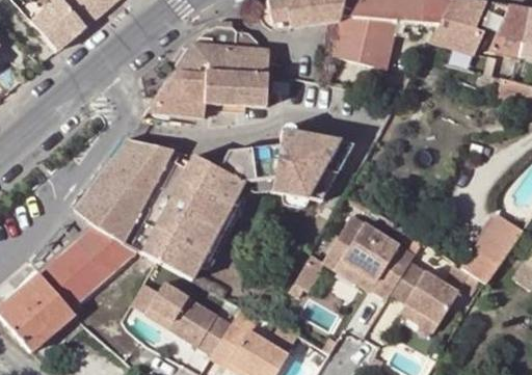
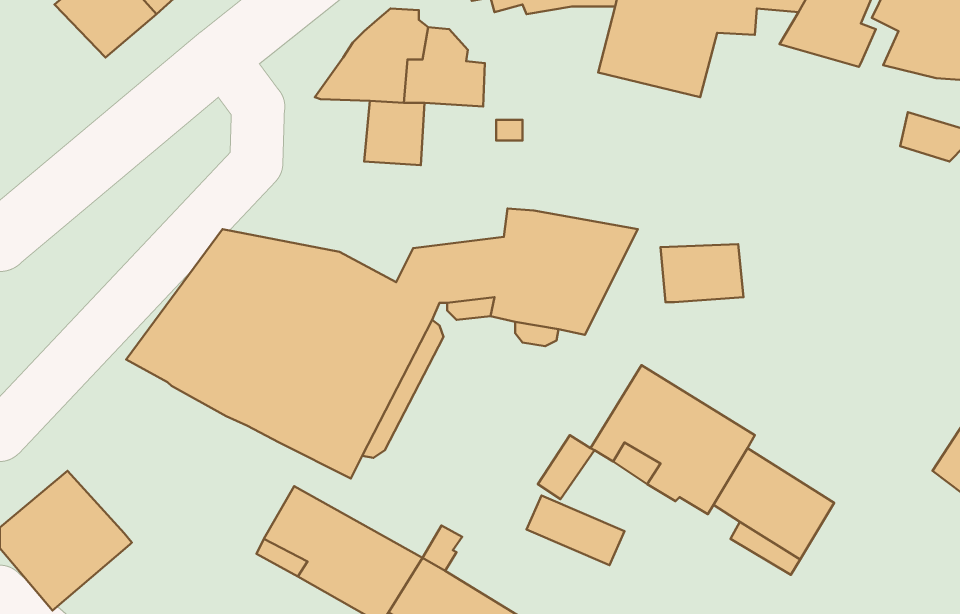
building: [145,70,206,120] -> none
building: [234,72,268,106] -> none
building: none -> [660,244,744,302]
building: [462,215,523,285] -> none
building: [39,225,138,309] -> none

